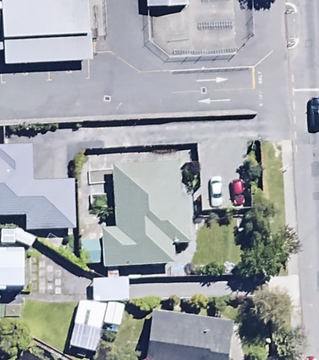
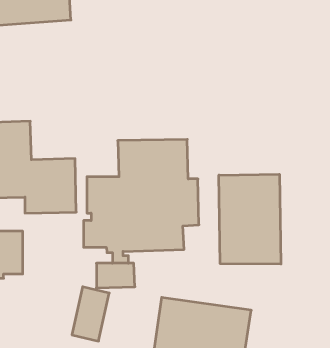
building: none -> [219,174,281,264]

